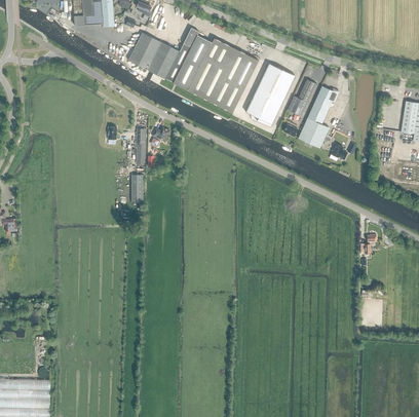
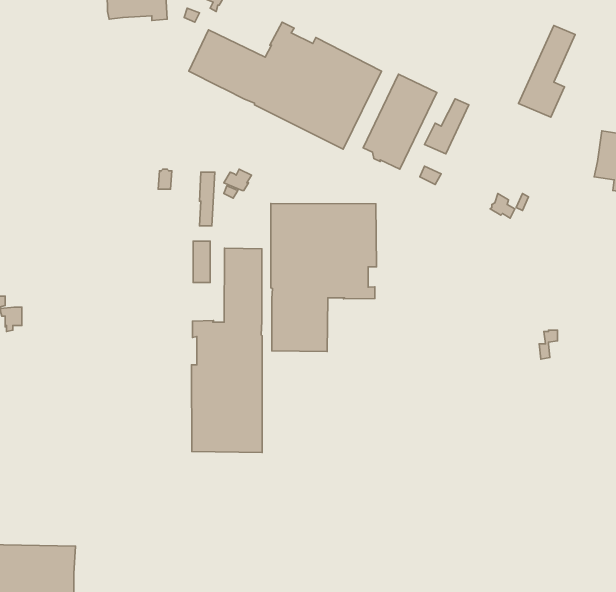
building: [298,86,336,148] -> [519,25,575,117]
building: none -> [271,203,377,351]
building: none -> [191,248,262,452]

